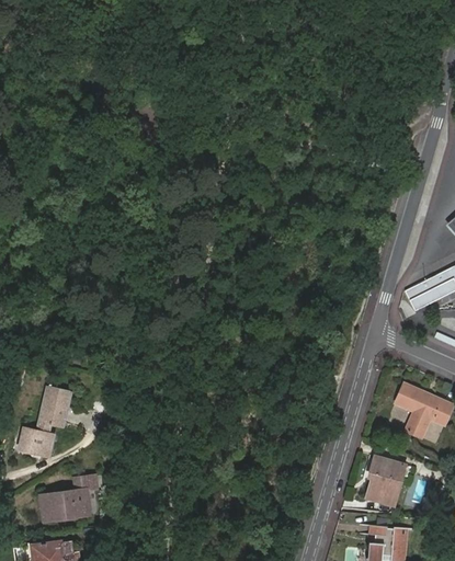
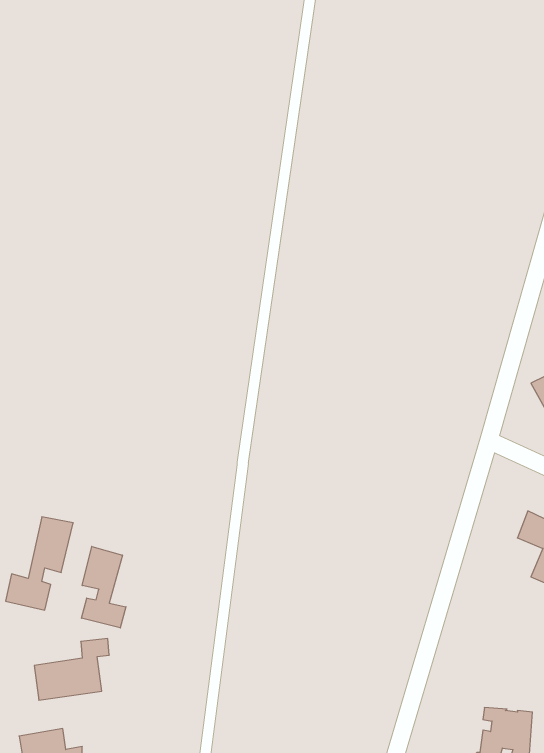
building: none -> [82,546,126,628]
building: [368,457,406,506] -> none

